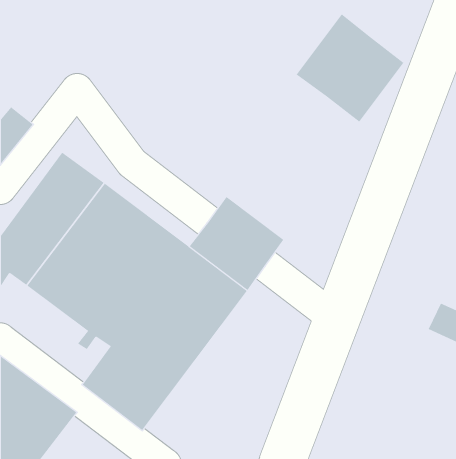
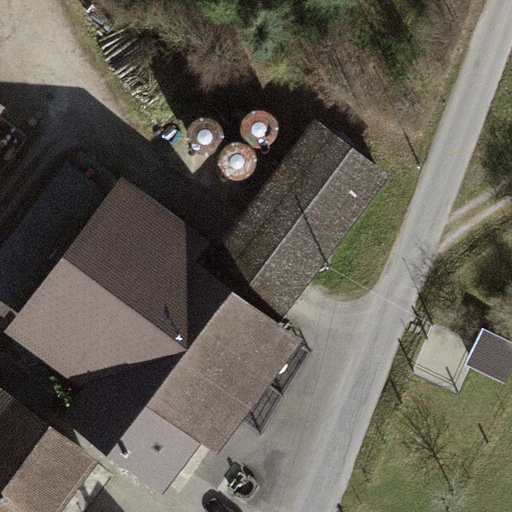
building: [296,14,404,123] -> none
building: none -> [258,133,390,270]

